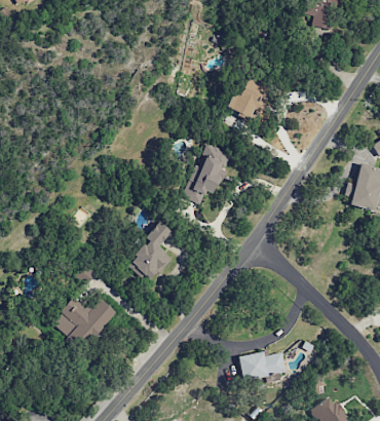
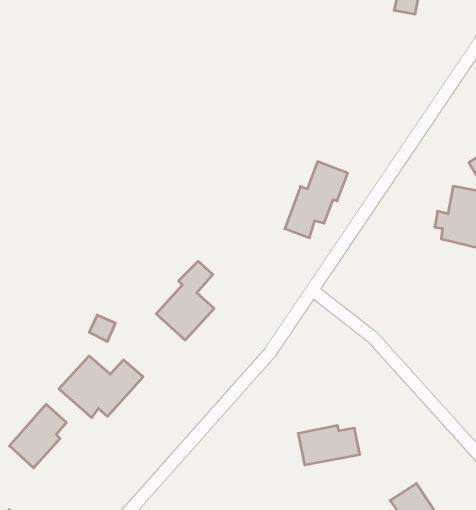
building: [227,79,264,118] -> none
building: [182,145,231,204] -> [285,162,348,238]
building: none -> [9,404,66,468]

